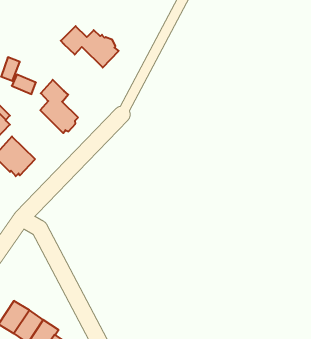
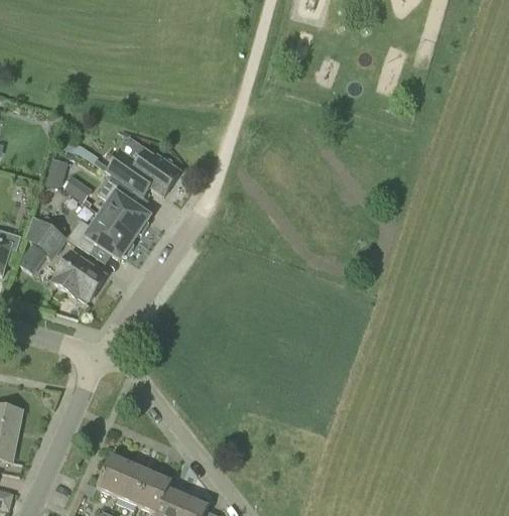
building: [61,26,119,68] -> [107,149,180,195]
building: none -> [68,214,135,258]

